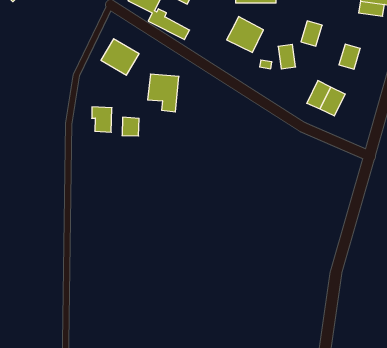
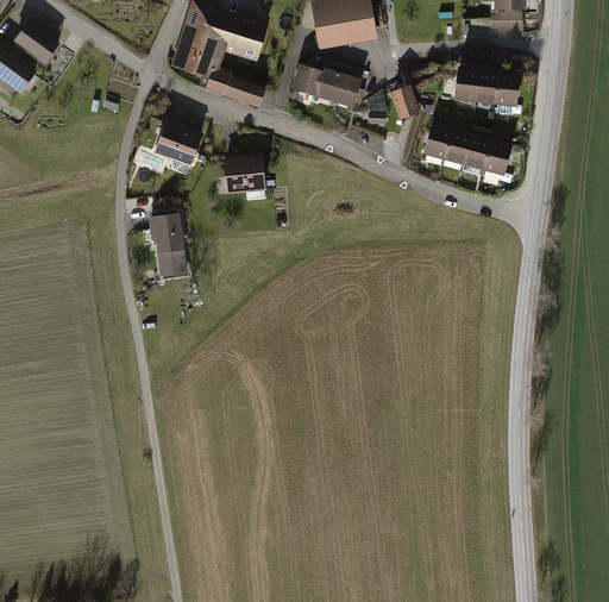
building: none -> [295,64,324,94]
building: [301,21,322,46] -> [453,69,478,101]
building: none -> [496,74,519,106]
building: none -> [423,123,450,161]
building: none -> [481,139,511,177]
building: [122,117,139,136] -> [159,246,186,274]

